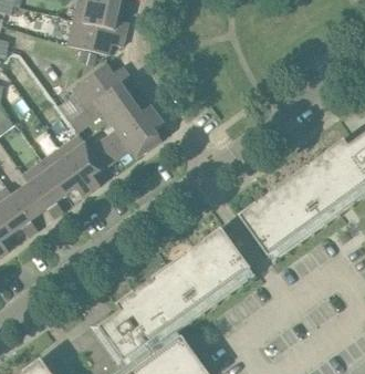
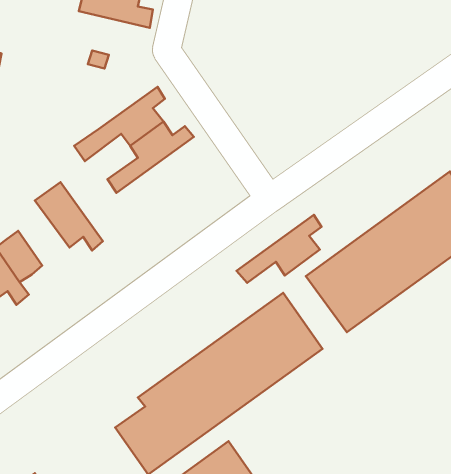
building: [69,22,125,54] -> none
building: [59,63,131,121] -> none
building: [101,114,163,164] -> [237,215,321,283]
building: [60,134,104,190] -> none
building: [22,160,66,218] -> none

